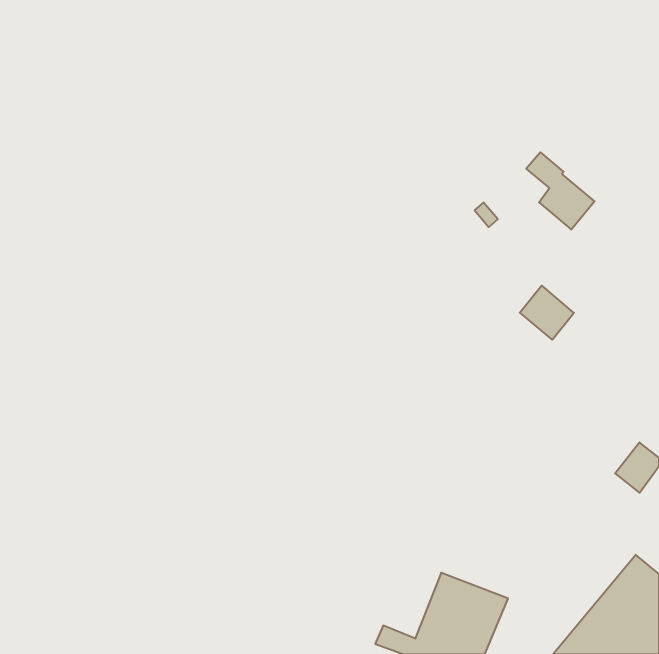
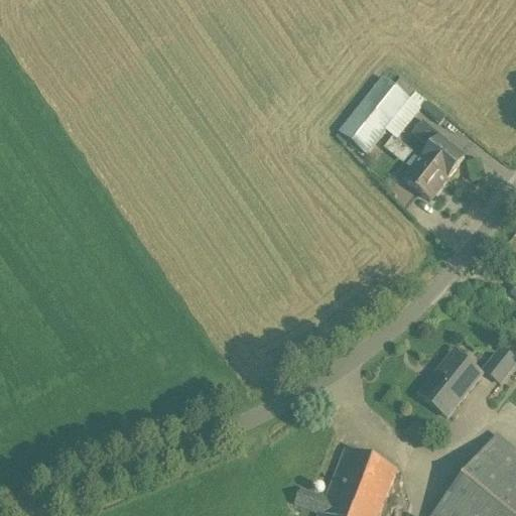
building: none -> [339,77,409,153]
building: [520,286,574,340] -> [404,158,446,201]
building: none -> [419,351,482,412]

